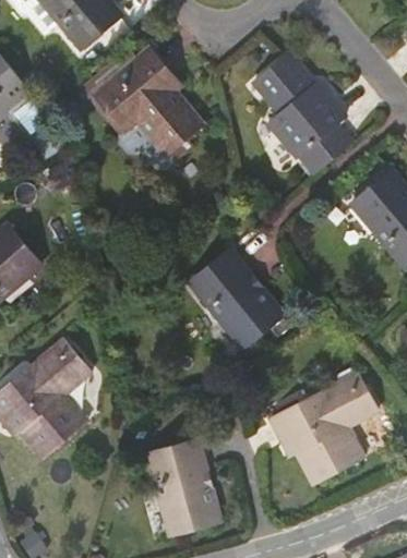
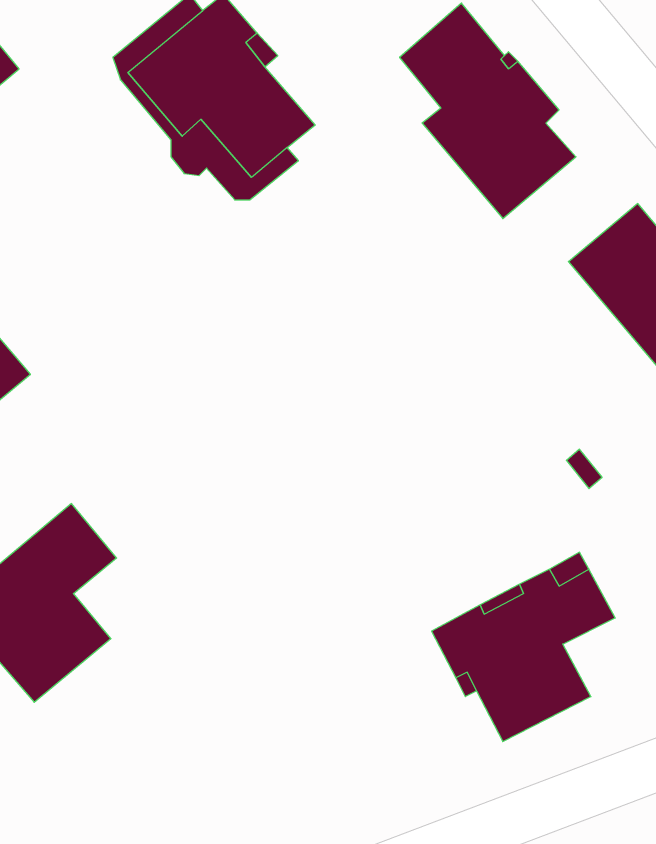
building: [189,250,280,347] -> none
building: [145,440,217,533] -> none

